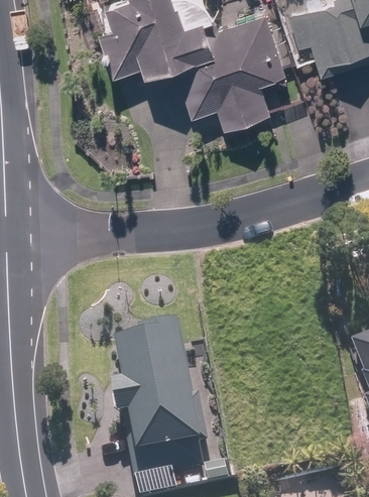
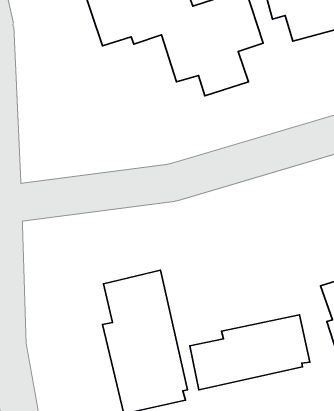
building: none -> [190,315,310,390]

